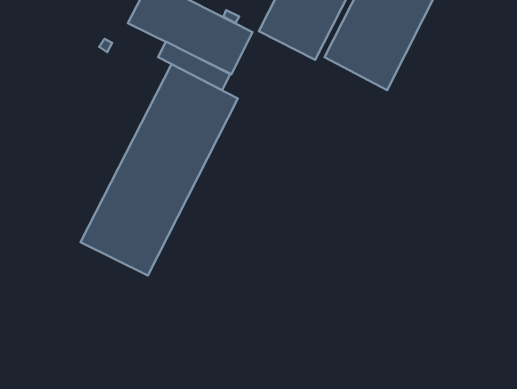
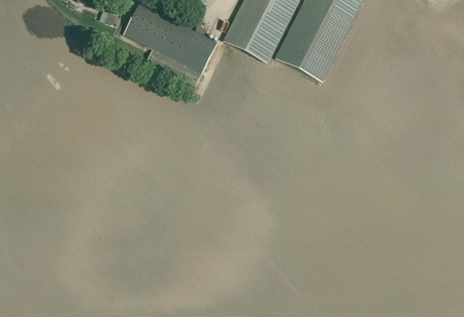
building: [80,64,238,276] -> none

